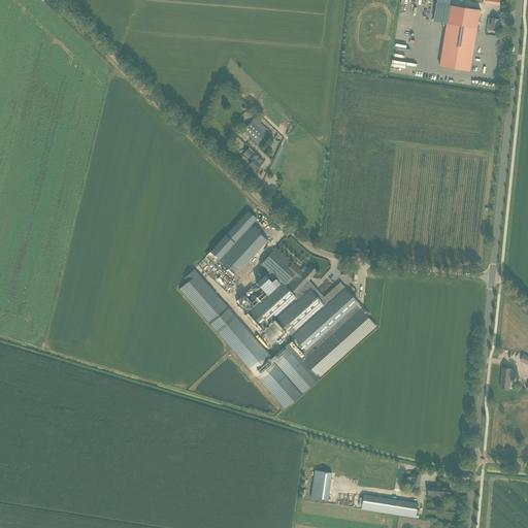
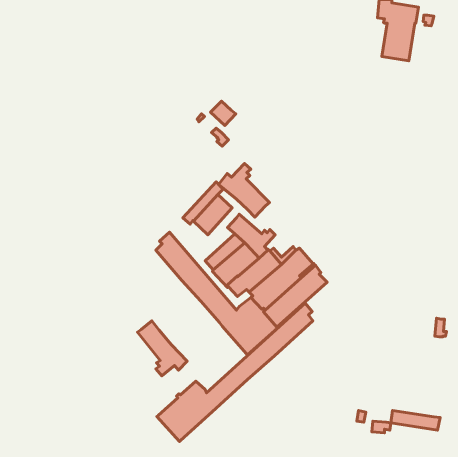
building: none -> [219,164,270,217]
building: none -> [157,303,313,442]
building: none -> [137,321,187,376]
building: [310,469,332,499] -> none
building: [361,494,418,517] -> [391,410,440,430]

